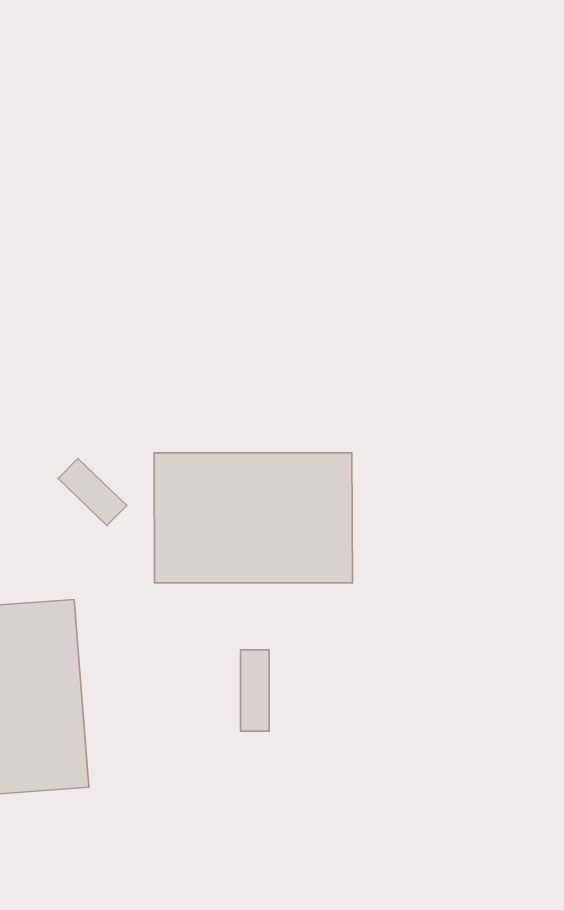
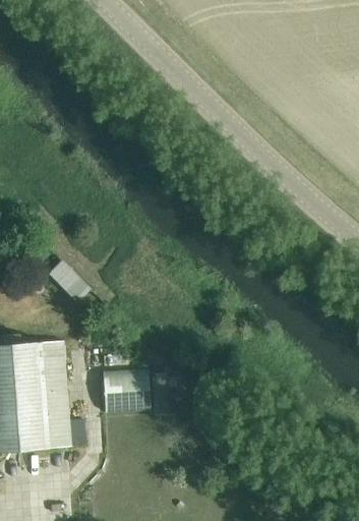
building: [154,453,353,583] -> none
building: none -> [104,369,151,412]

